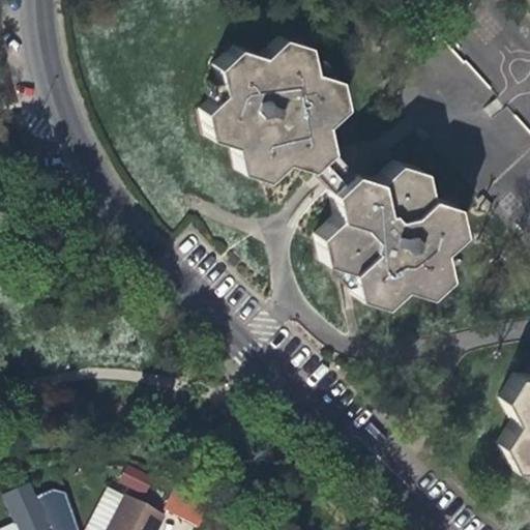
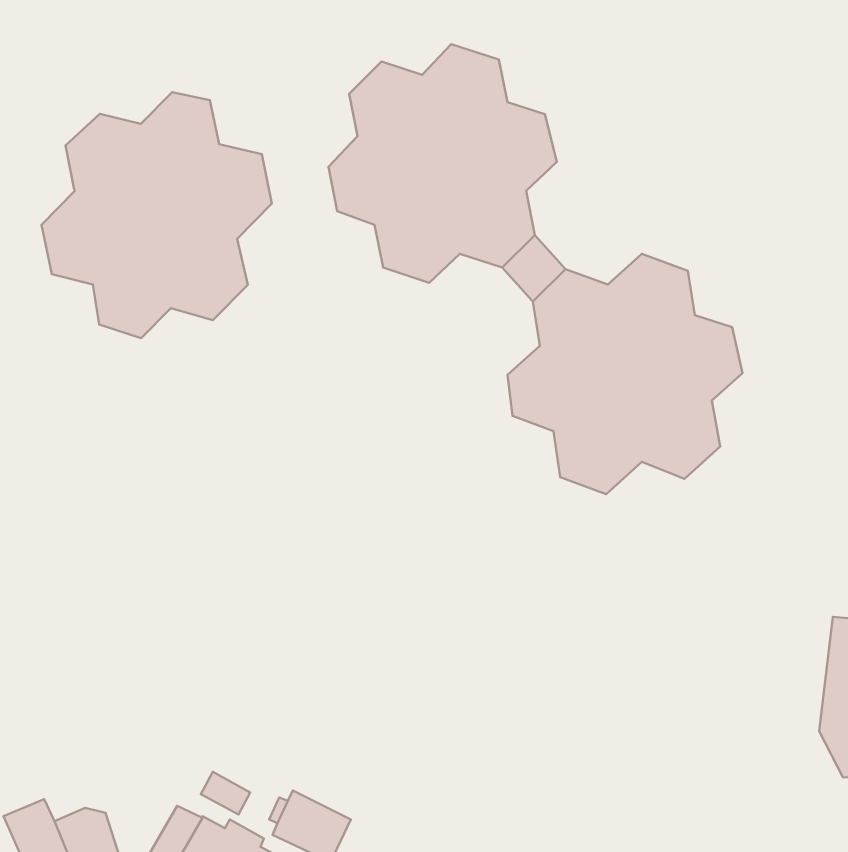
building: none -> [42,92,272,338]

